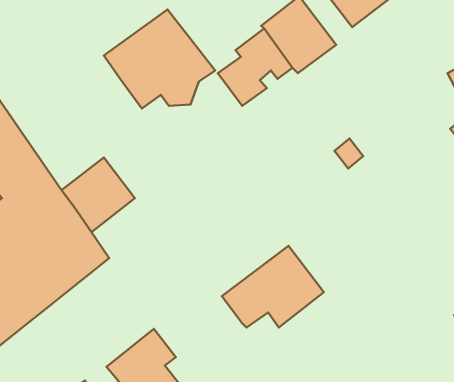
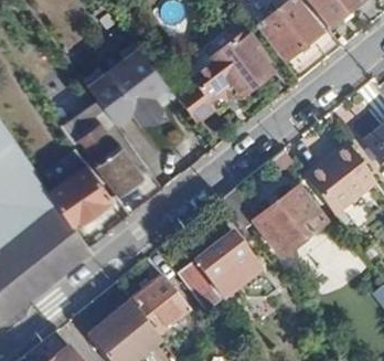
building: none -> [62,103,142,195]
building: none -> [305,142,363,200]
building: none -> [223,188,328,259]
building: none -> [130,265,198,332]

